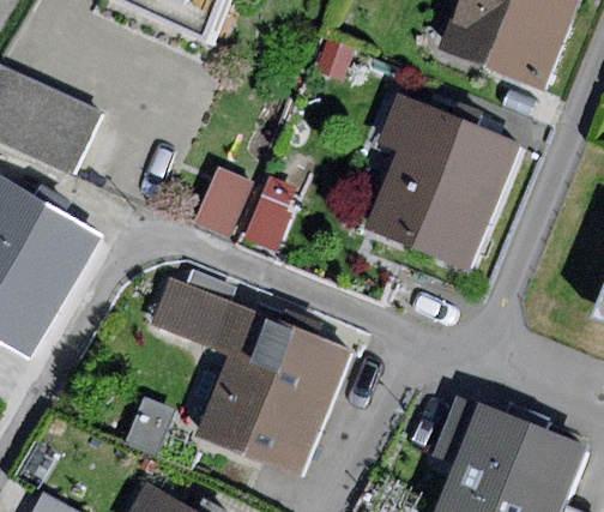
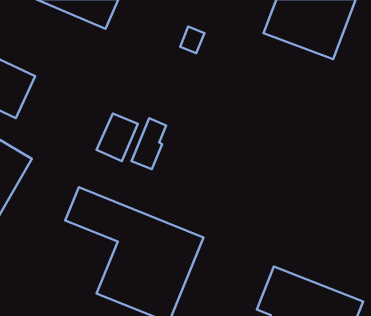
building: [363,98,519,271] -> none

